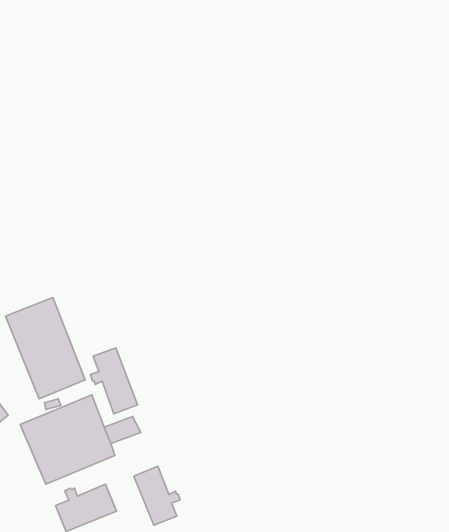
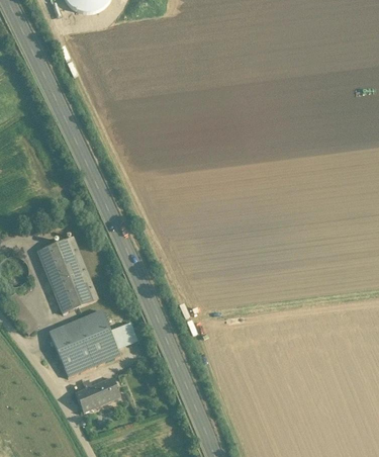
building: [91,348,137,414] -> none
building: [134,466,180,525] -> none

